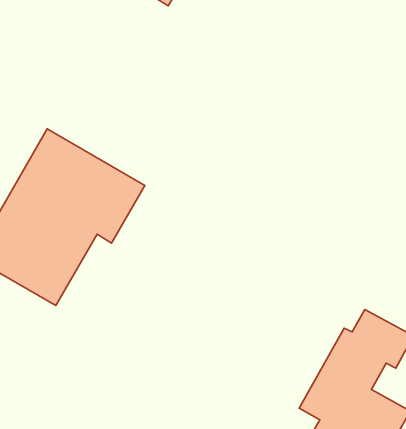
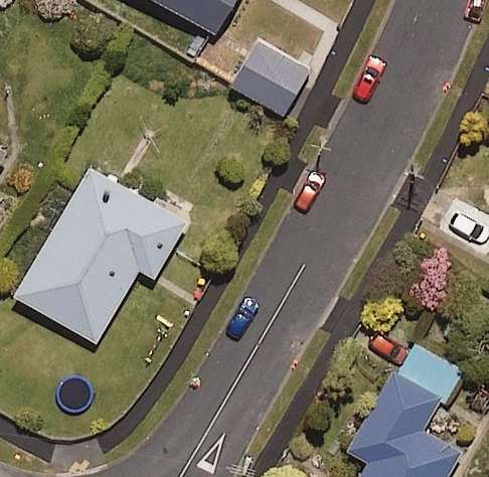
building: none -> [226,38,310,116]

